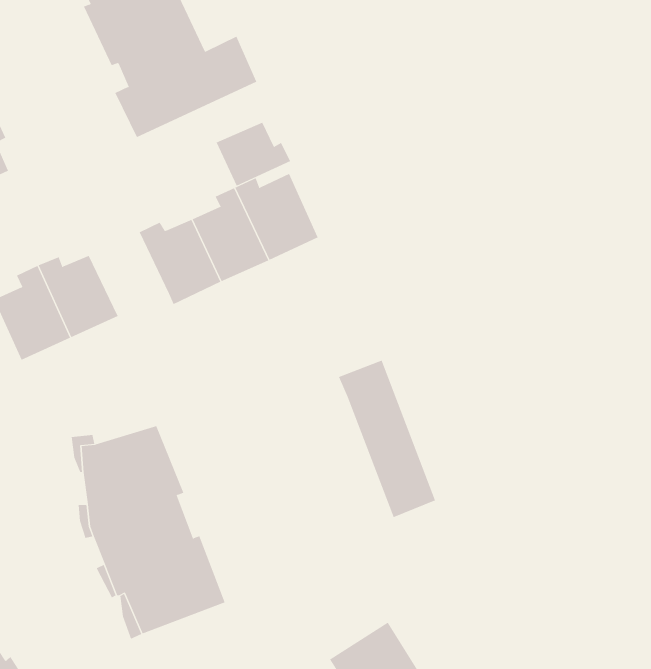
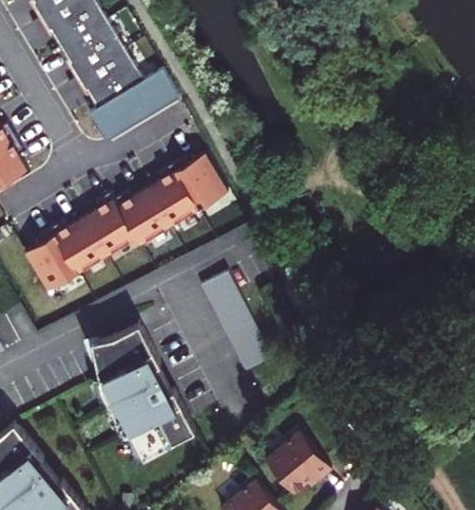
building: [216,122,291,187] -> none
building: none -> [84,195,137,257]
building: [338,360,436,518] -> [201,273,272,373]

